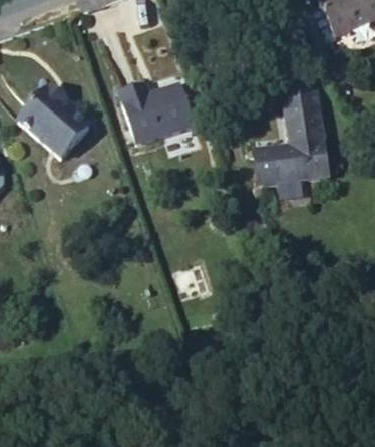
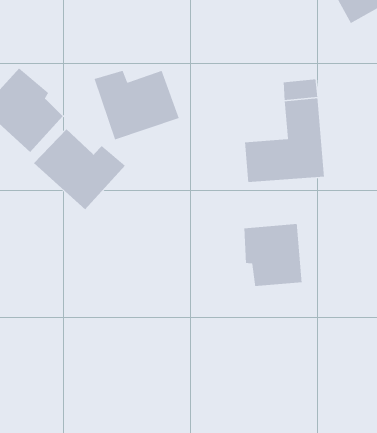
building: none -> [33,128,126,210]
building: none -> [244,223,302,287]

